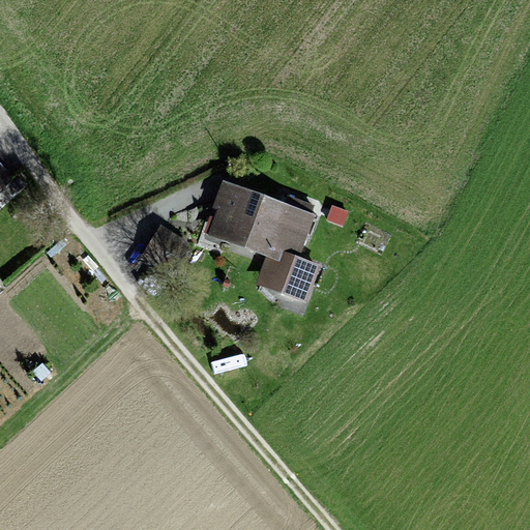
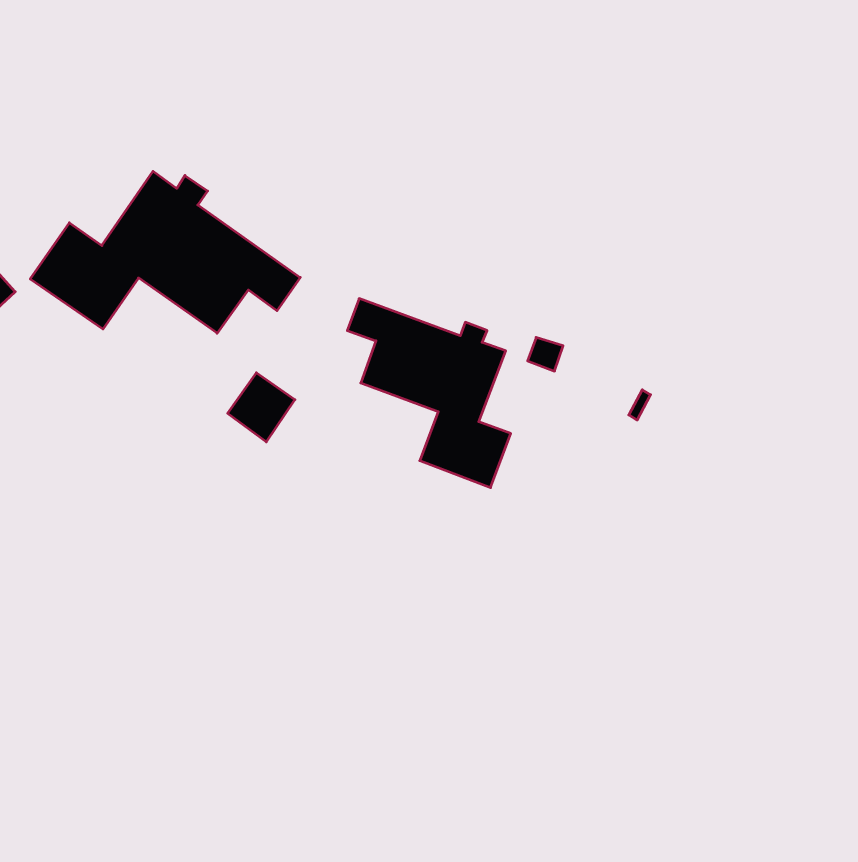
building: none -> [30,171,300,333]

